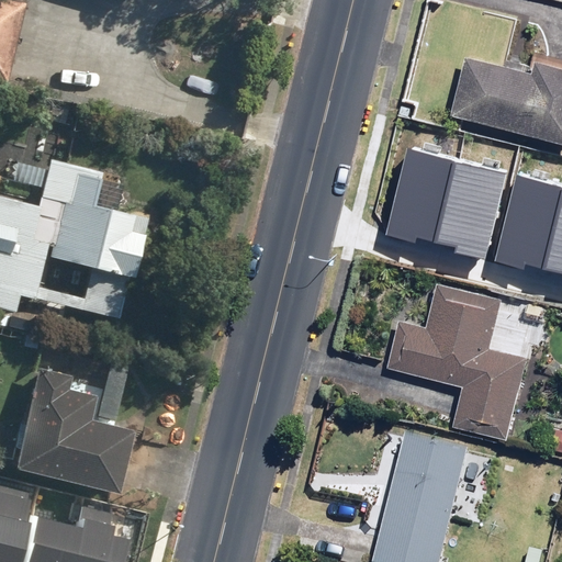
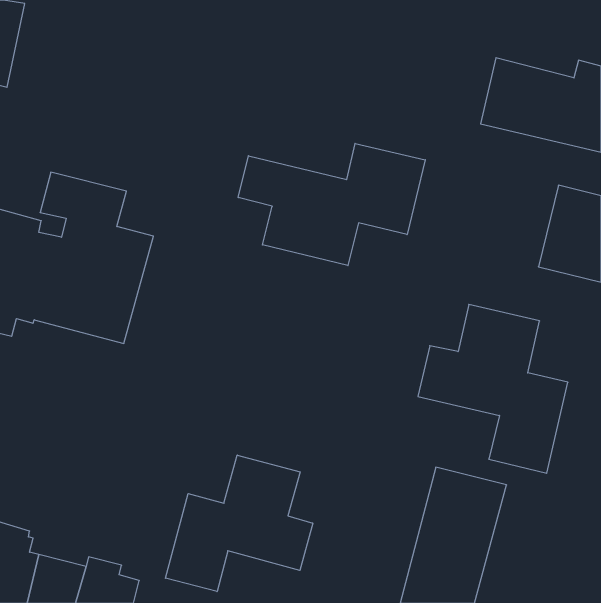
building: none -> [238,143,425,266]
building: [392,149,502,246] -> none
building: [11,370,134,495] -> none
building: none -> [165,455,313,592]

